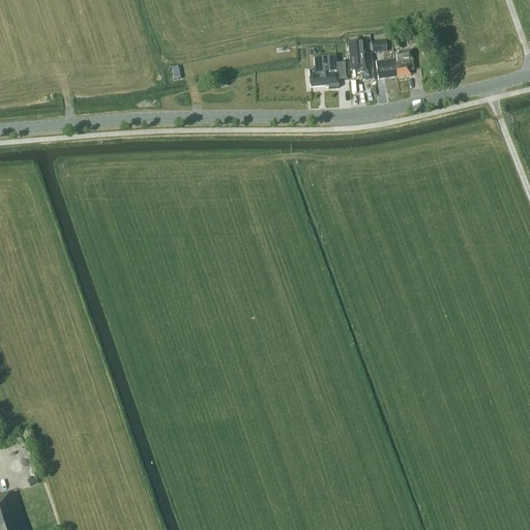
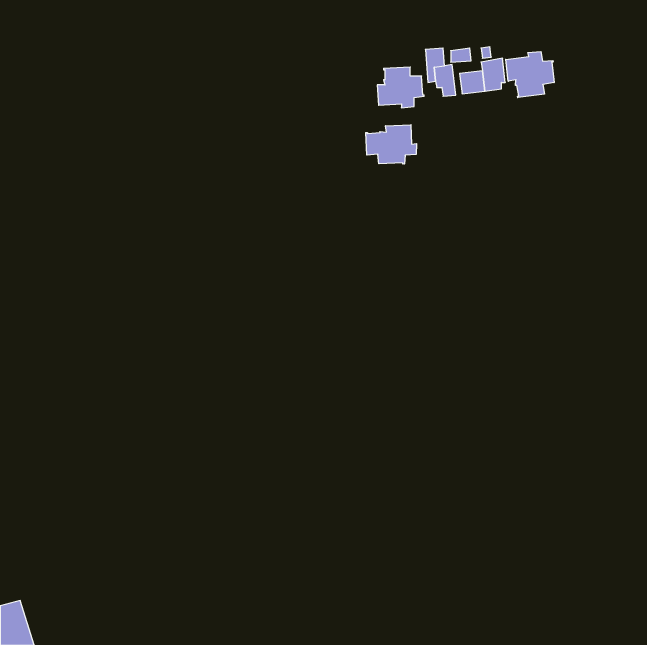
building: none -> [506,52,554,98]
building: none -> [366,125,416,164]

